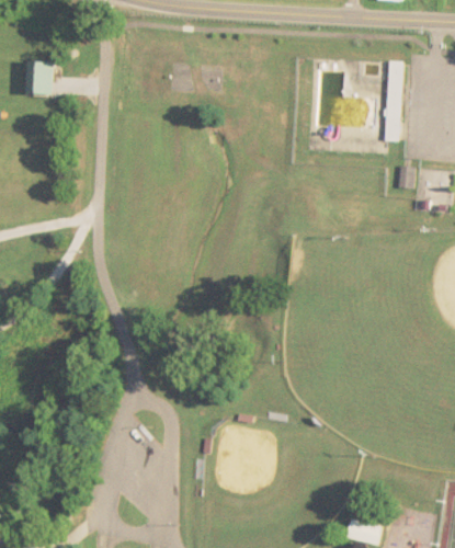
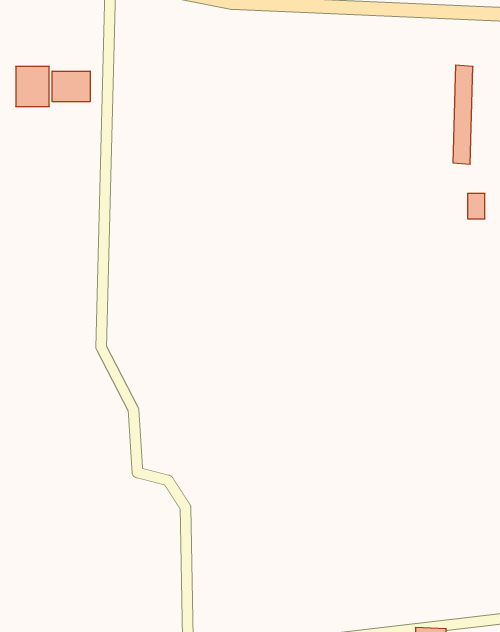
building: none -> [52,71,90,102]

